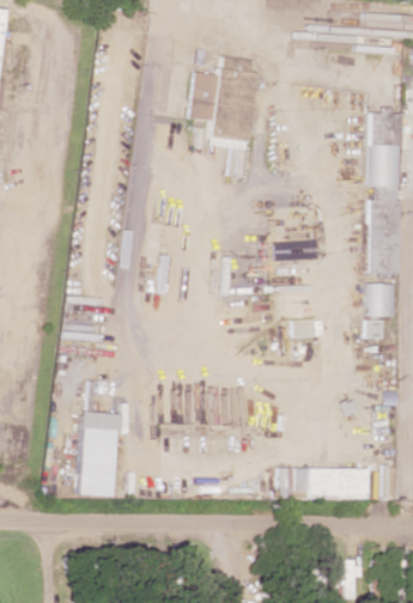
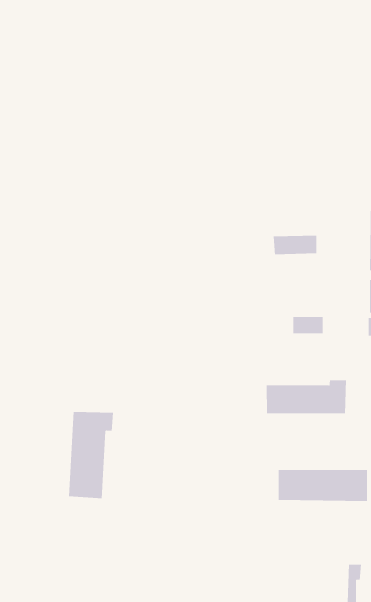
building: [190,67,255,148] -> none
building: none -> [266,379,347,414]

